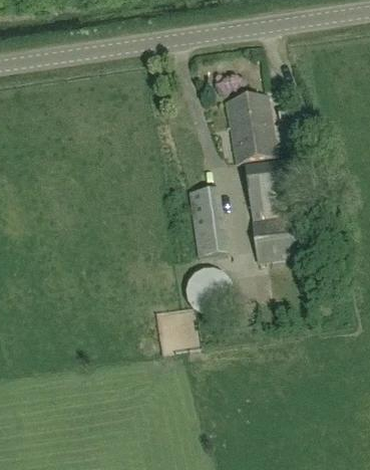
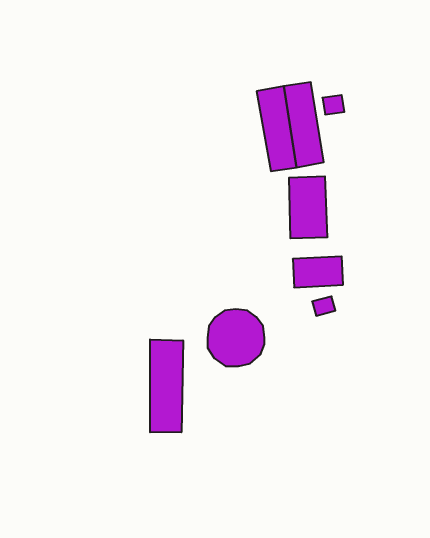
building: [194,181,225,247] -> none
building: none -> [150,339,183,432]

